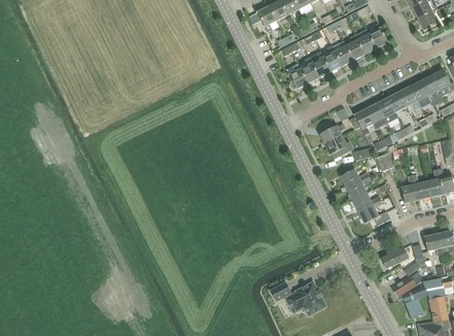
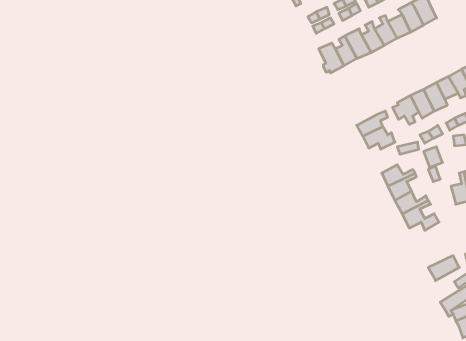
building: [270,281,326,316] -> none

